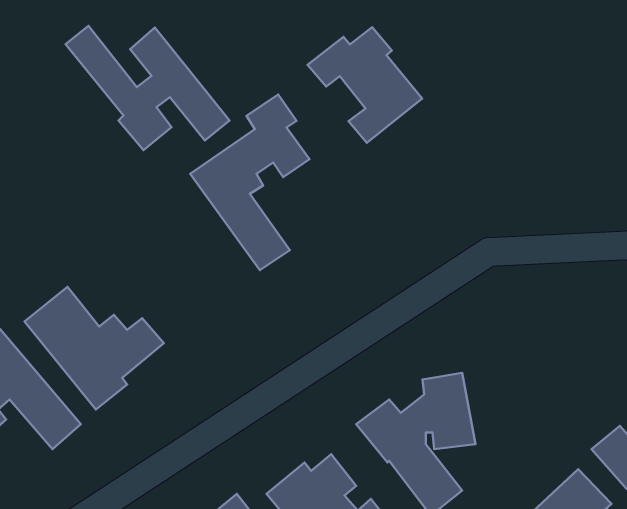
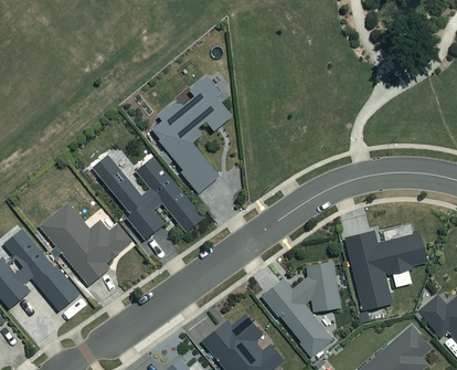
building: [65,26,230,150] -> [93,156,202,239]
building: [308,27,422,143] -> none
building: none -> [344,231,426,309]

